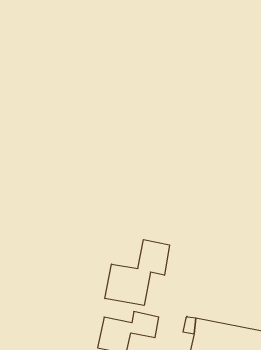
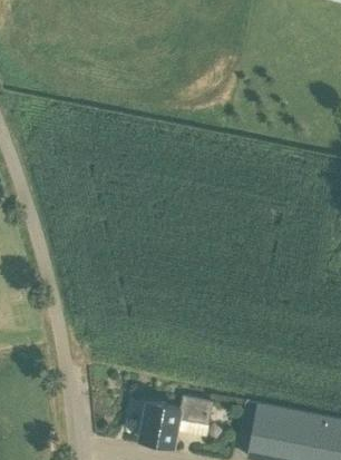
building: [105,240,169,305] -> none

